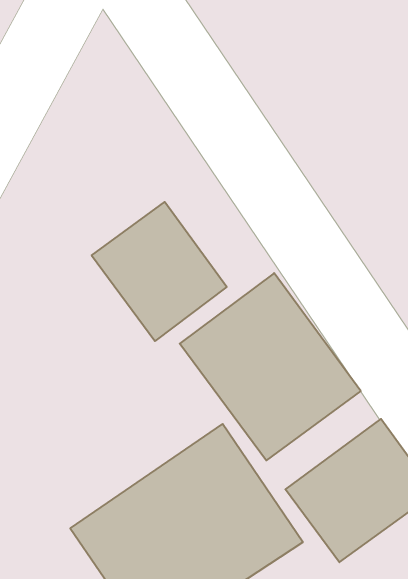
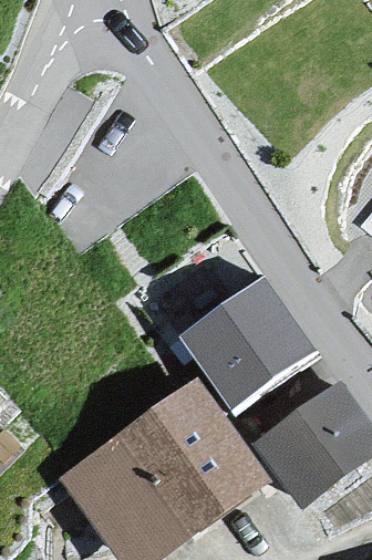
building: [92,202,227,341] -> none

